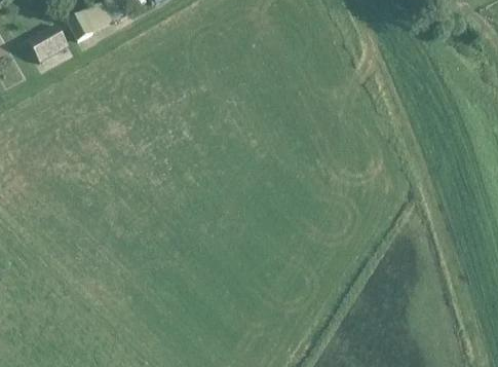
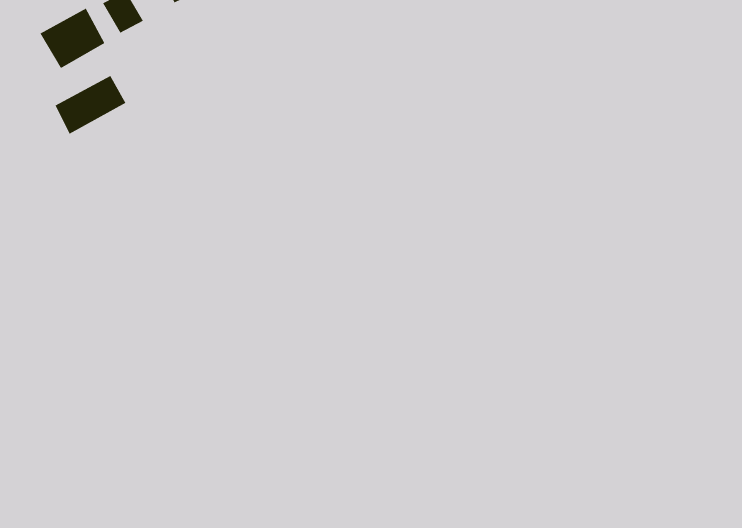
building: none -> [55,75,126,135]

